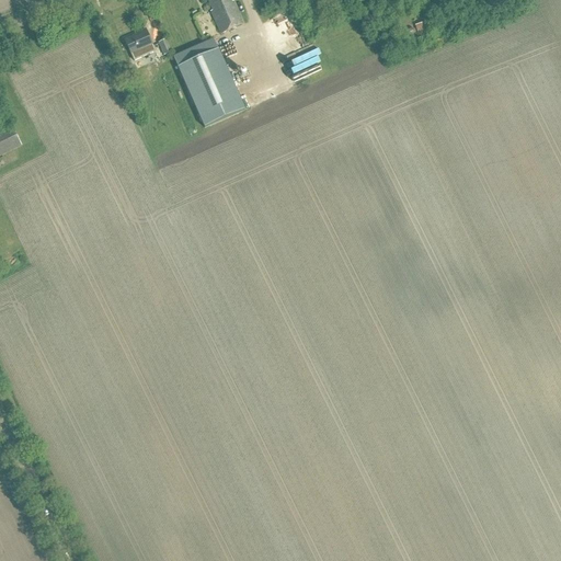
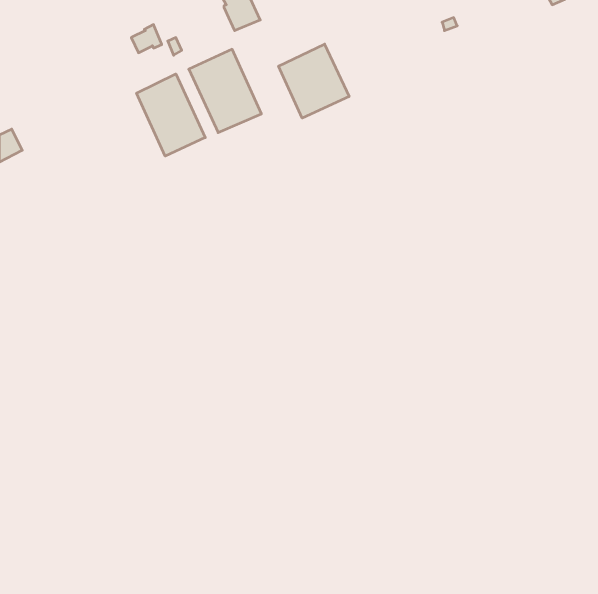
building: none -> [279,44,349,118]
building: none -> [137,74,205,156]

